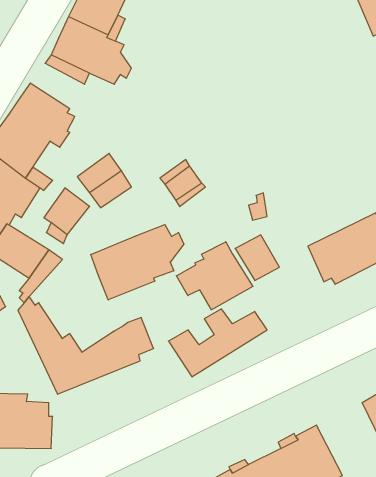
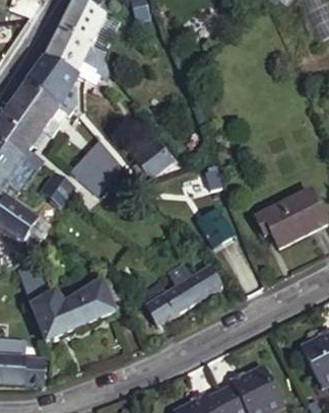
building: none -> [27,65,72,102]
building: [91,225,184,300] -> none
building: [176,242,253,310] -> none

